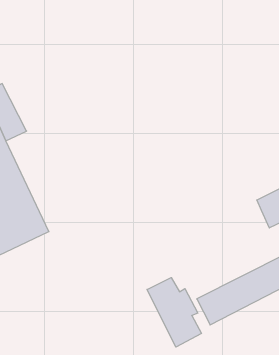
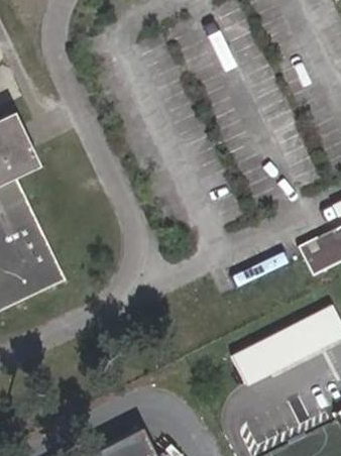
building: [147,278,201,347] -> none

